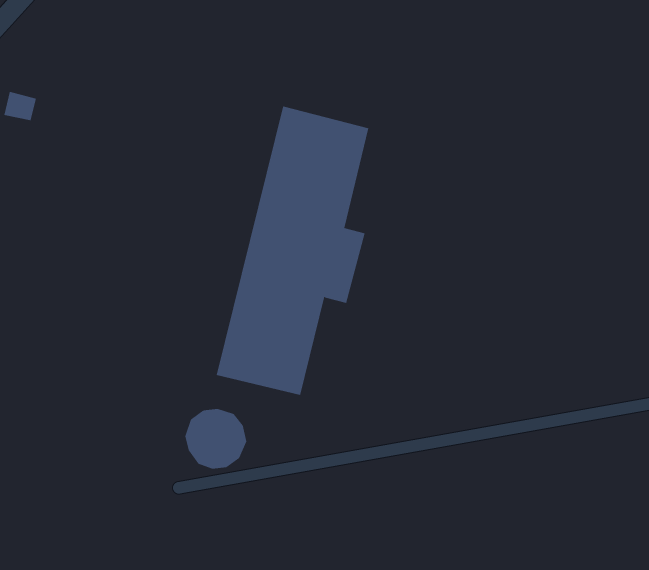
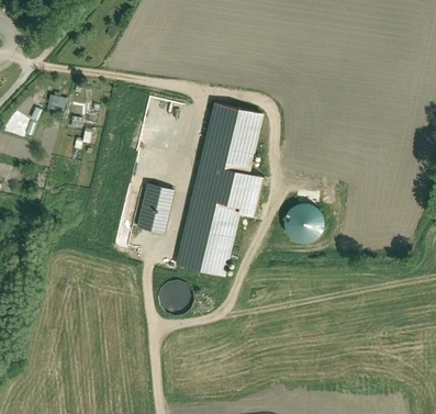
building: none -> [133,181,175,234]
building: none -> [286,203,325,243]

